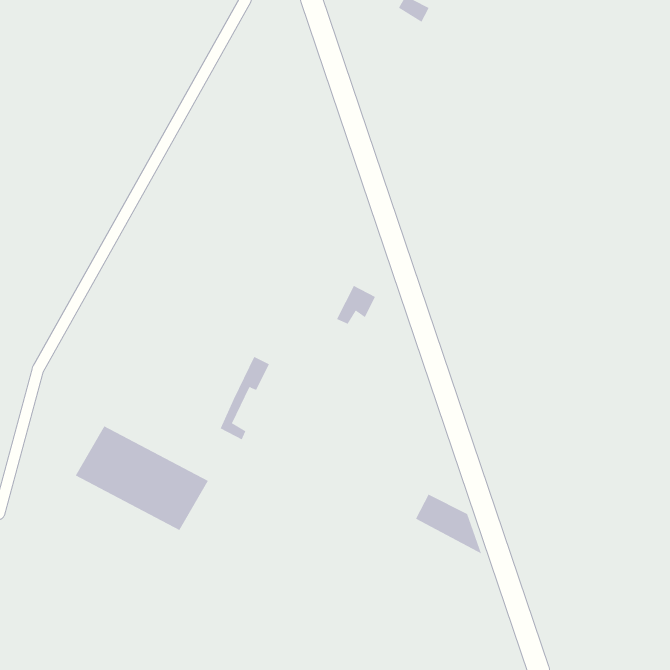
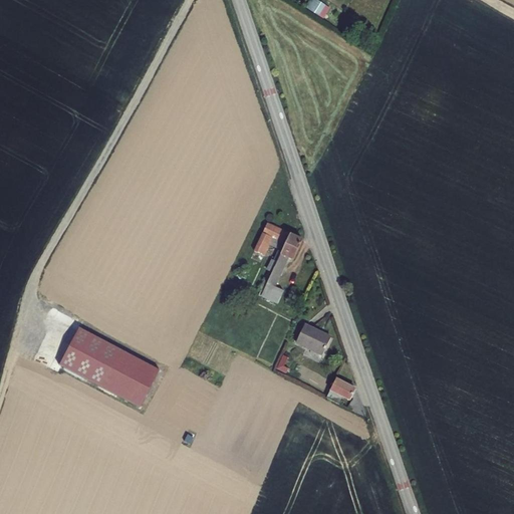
building: [220,356,270,440] -> [266,229,304,293]
building: none -> [294,326,329,357]

